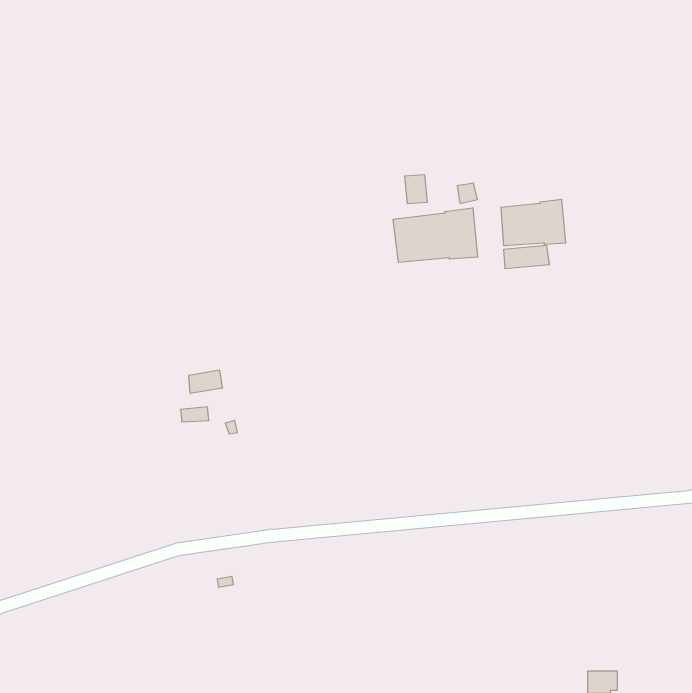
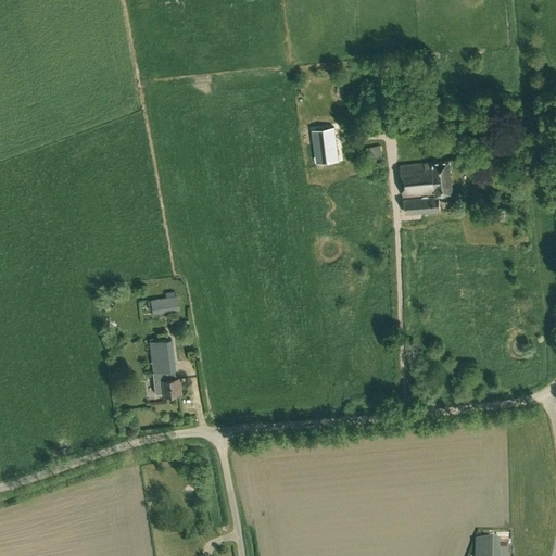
building: [393,208,478,262] -> none
building: none -> [150,341,180,395]

